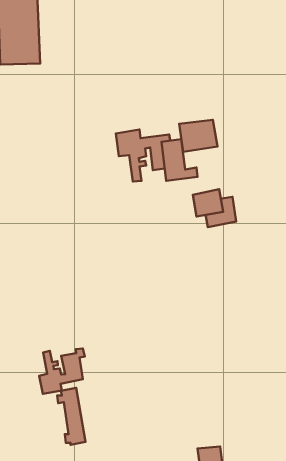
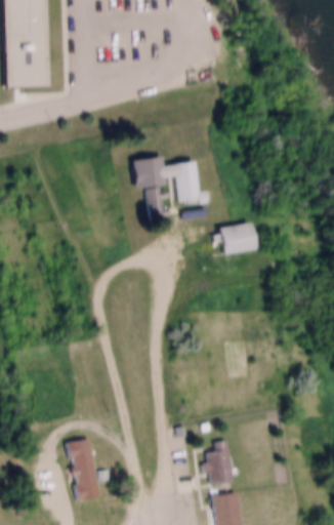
building: [179,120,217,152] -> none
building: [39,348,85,394] -> none
building: none -> [211,454,240,489]

